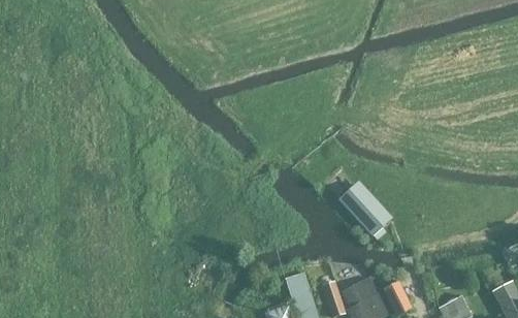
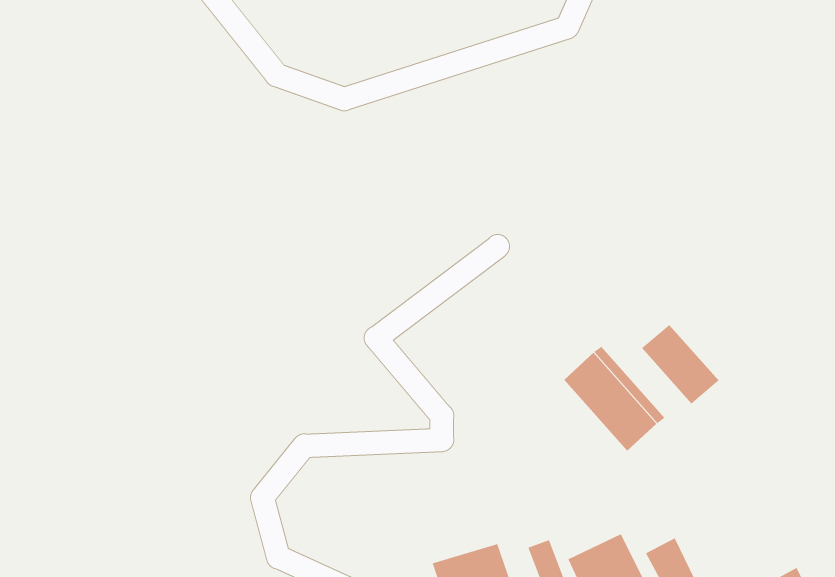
building: none -> [641,324,720,405]

